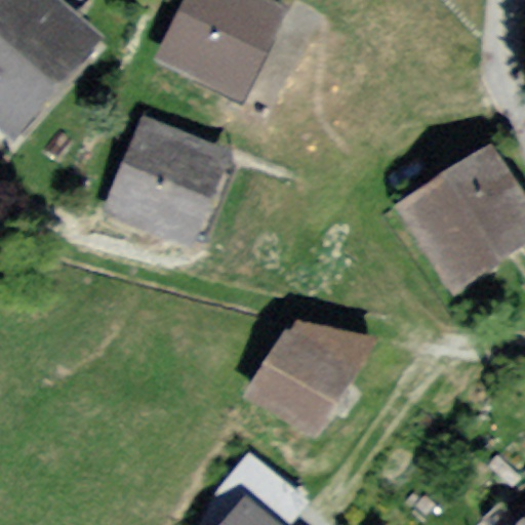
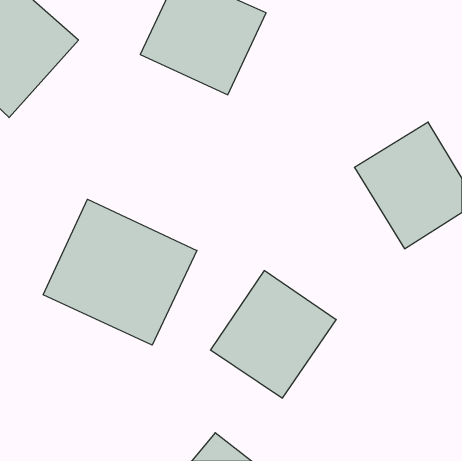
building: [99,117,236,252] -> none
building: none -> [43,199,197,345]

